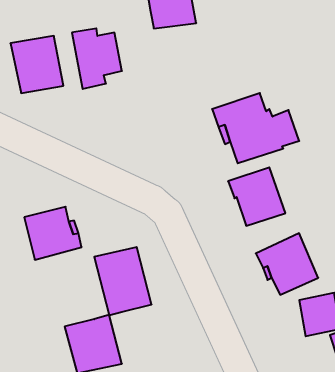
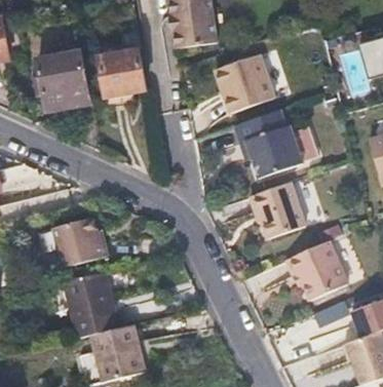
building: none -> [217,54,275,112]
building: [94,247,152,315] -> [65,272,120,338]

